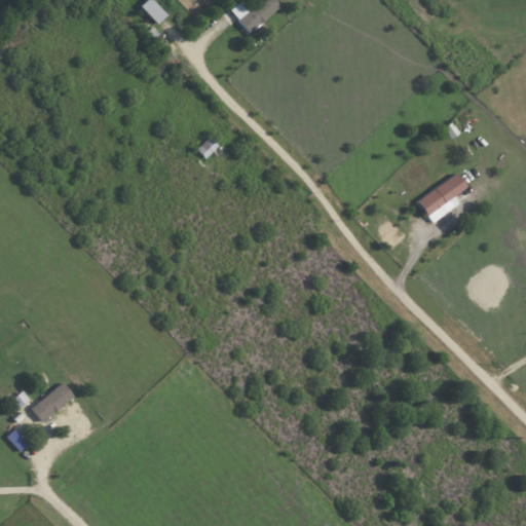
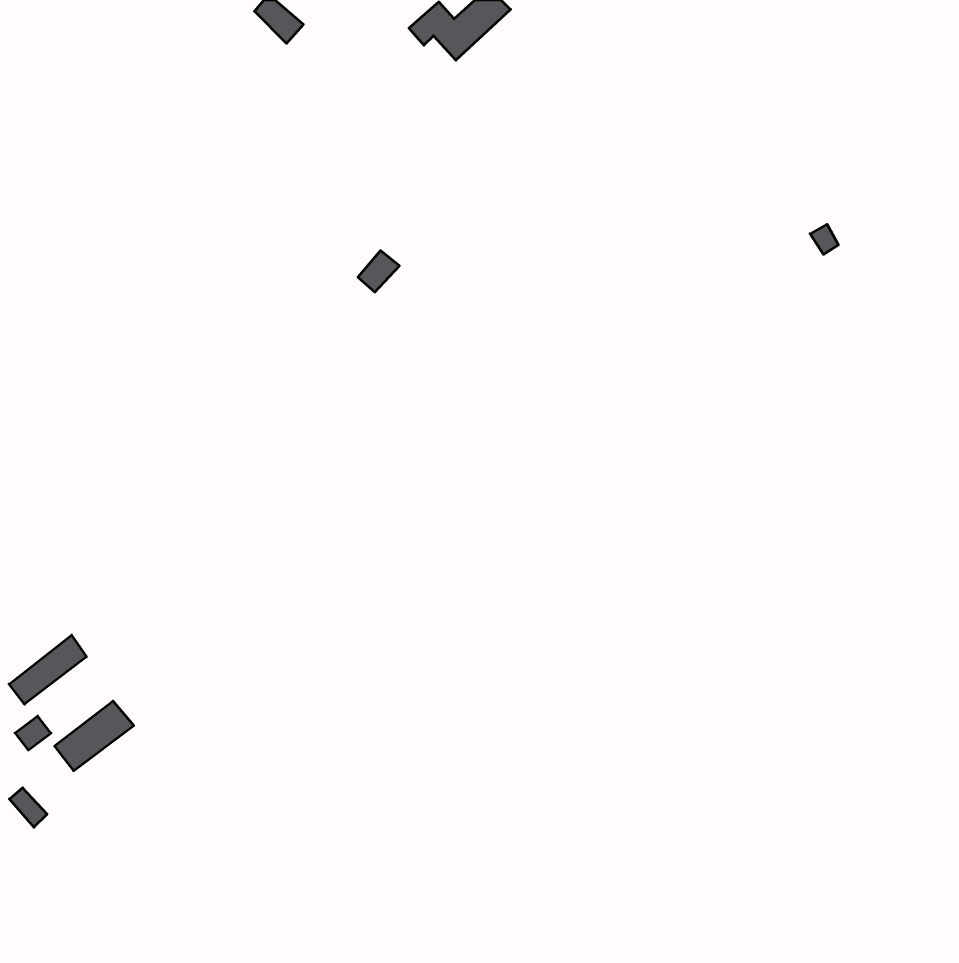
building: [417,175,466,222] -> none
building: none -> [9,635,86,704]

